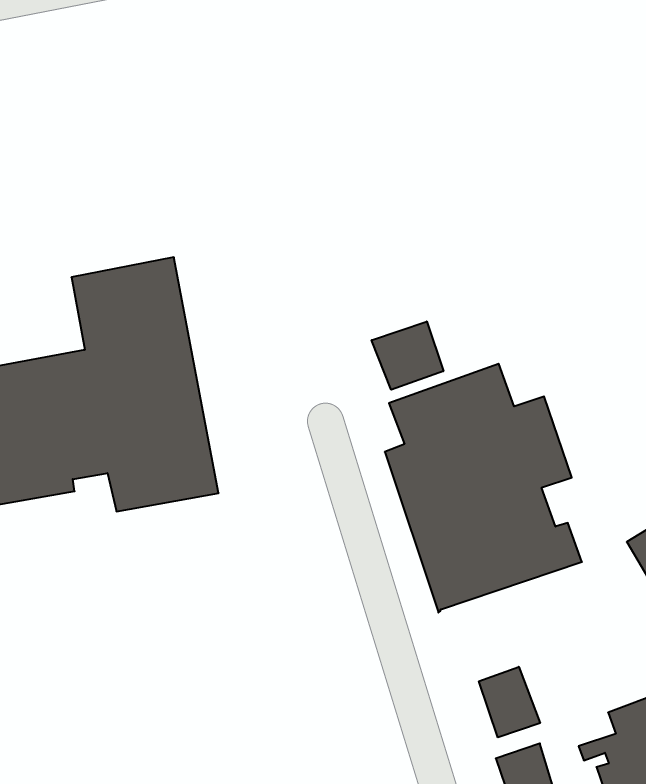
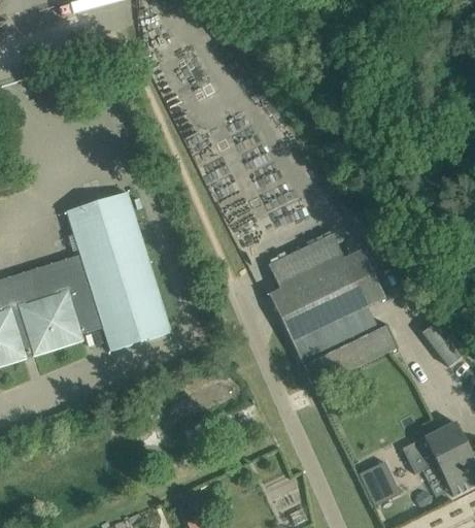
building: [372,321,443,390] -> none
building: [479,667,540,737] -> none

